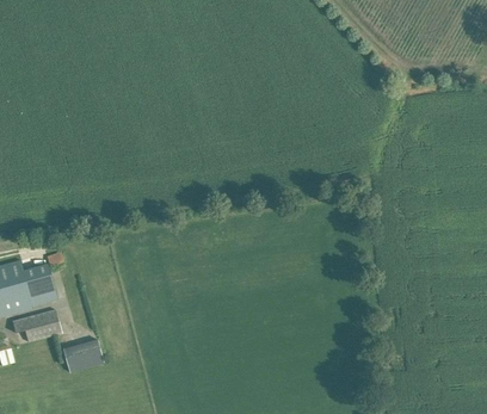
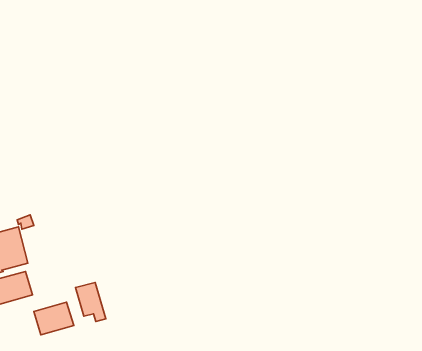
building: none -> [76,282,106,322]

